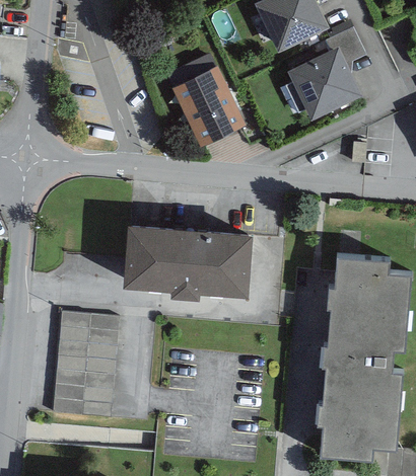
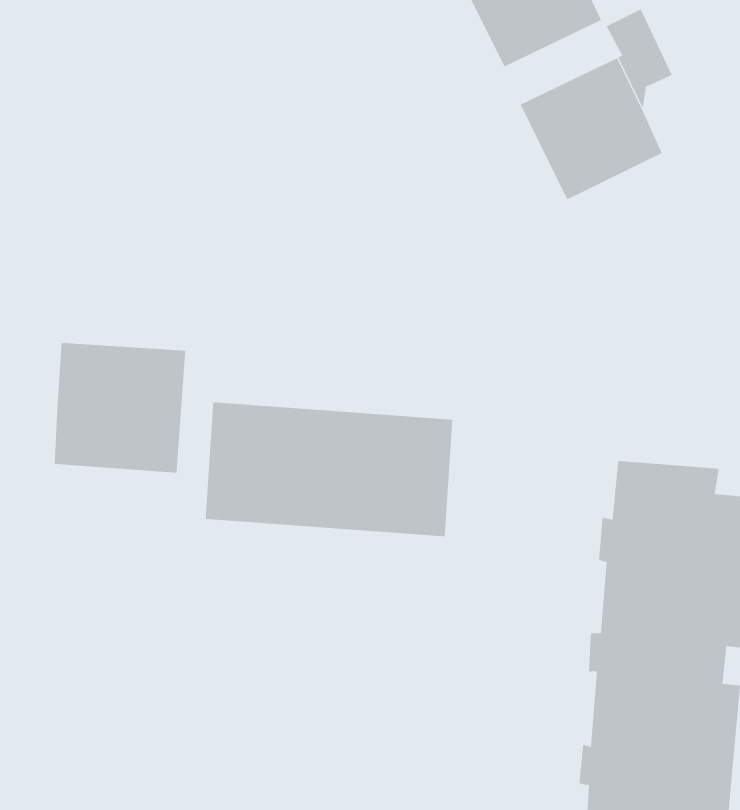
building: [171,67,245,147] -> none
building: none -> [54,342,186,473]
building: [53,313,119,418] -> none

